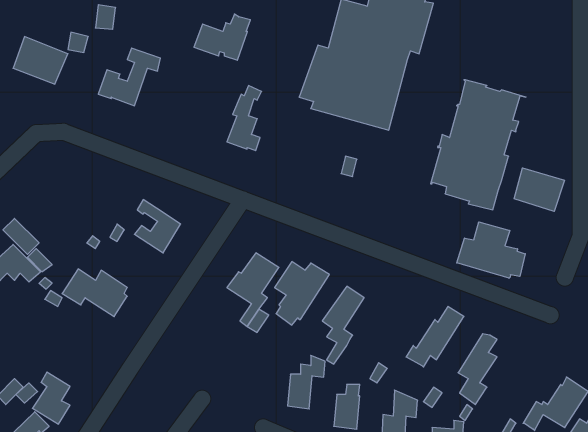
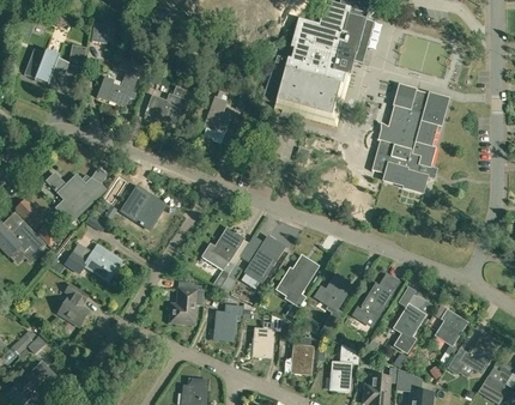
building: [194,14,250,60] -> [143,86,189,125]
building: [514,168,565,211] -> none
building: none -> [46,168,108,224]
building: [457,222,525,278] -> none
building: none -> [314,280,349,313]
building: none -> [169,282,202,325]
building: none -> [213,306,241,341]
building: none -> [434,310,463,345]
building: [32,372,70,424] -> [57,283,89,326]

